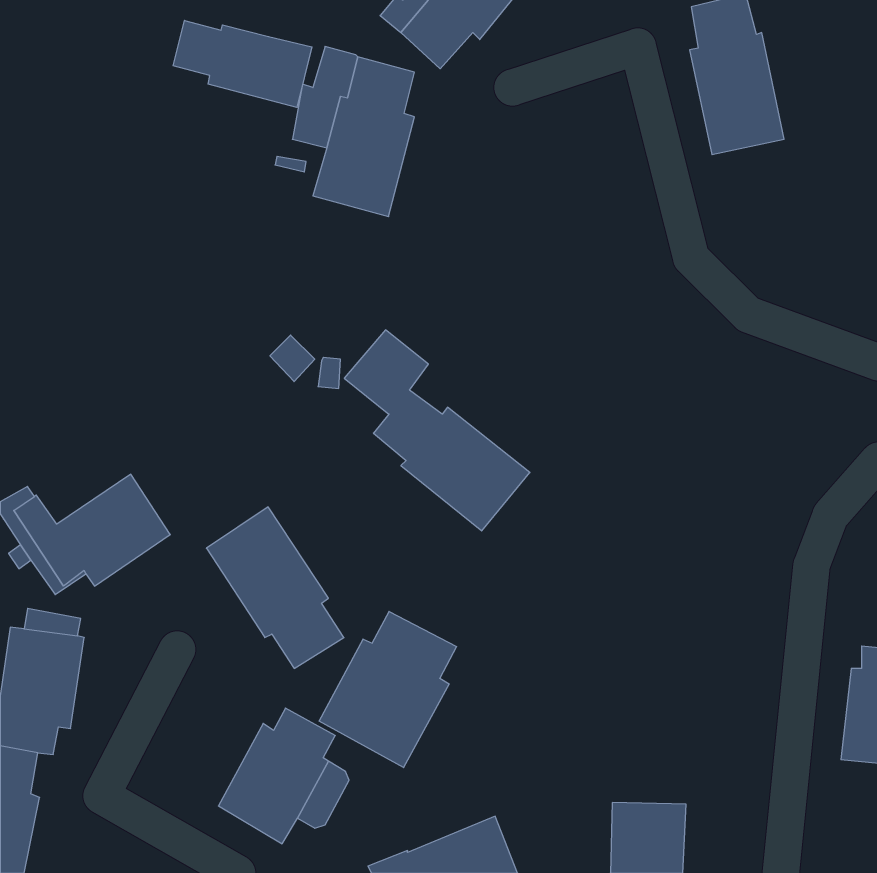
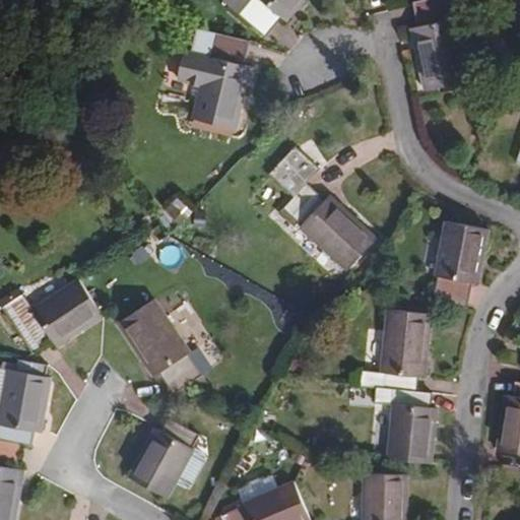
building: [173,20,312,107] -> none
building: [344,330,530,531] -> [263,150,373,269]
building: none -> [432,222,485,307]
building: none -> [356,307,435,463]
building: [319,611,457,768] -> none

